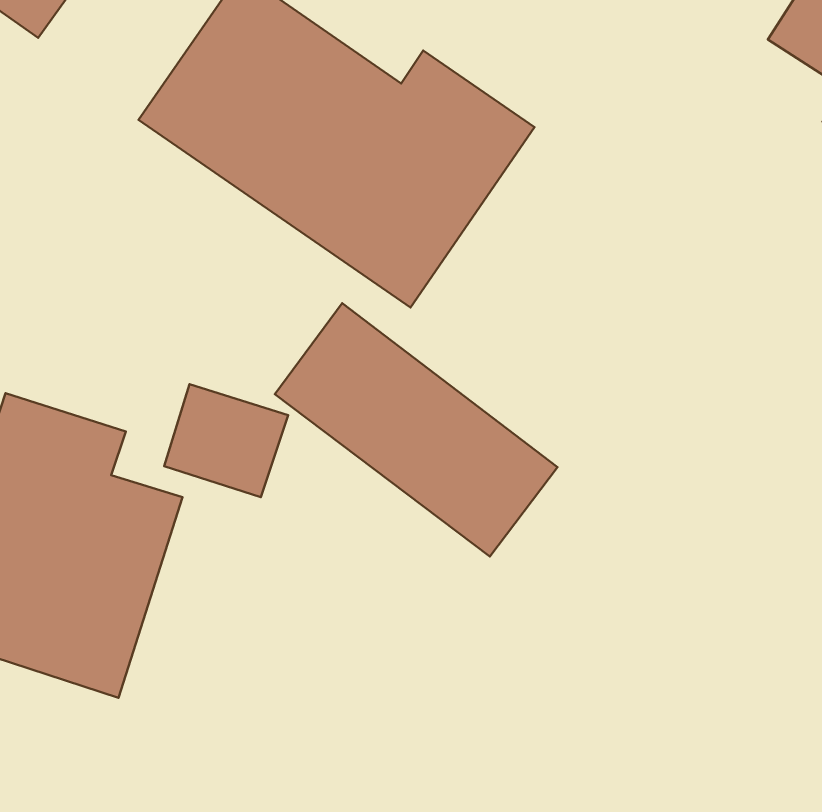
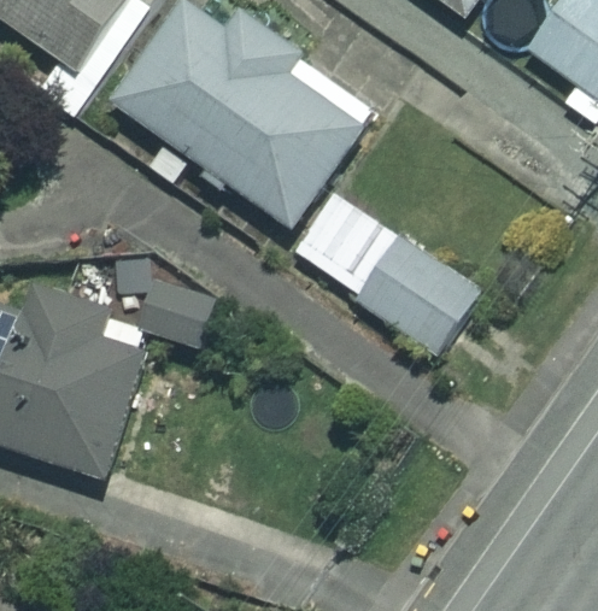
building: [275,303,557,556] -> [292,183,479,351]

